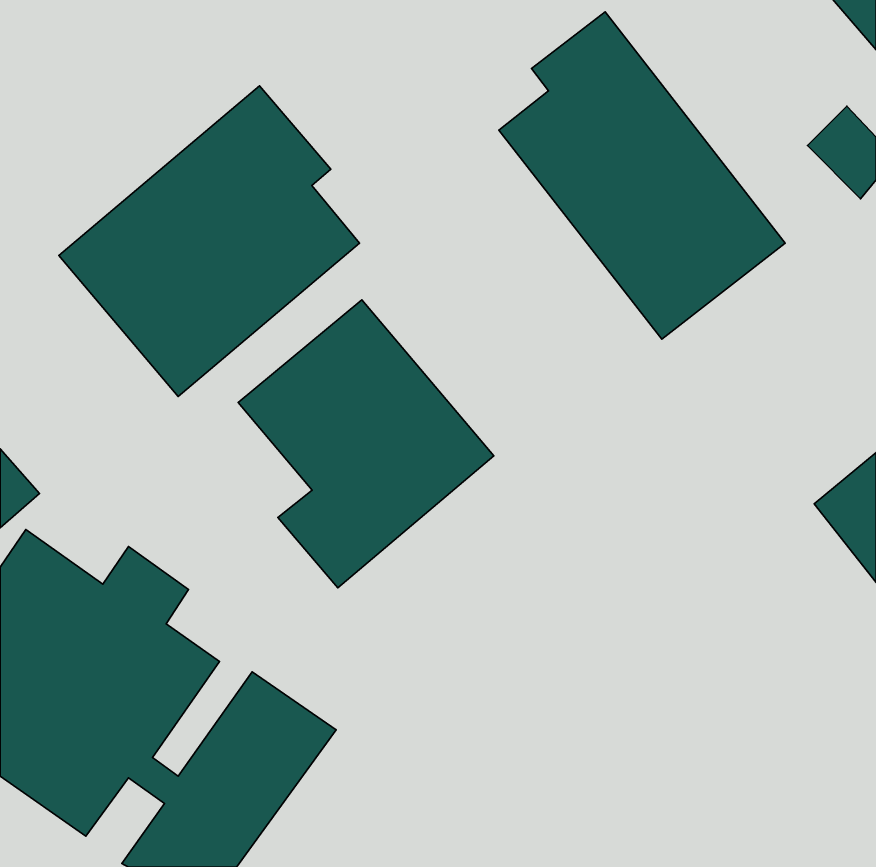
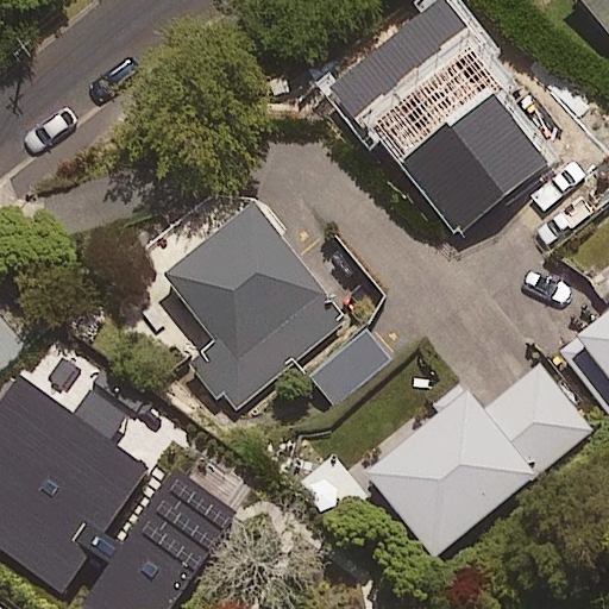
building: [59,86,360,397] -> none
building: none -> [363,363,595,560]

